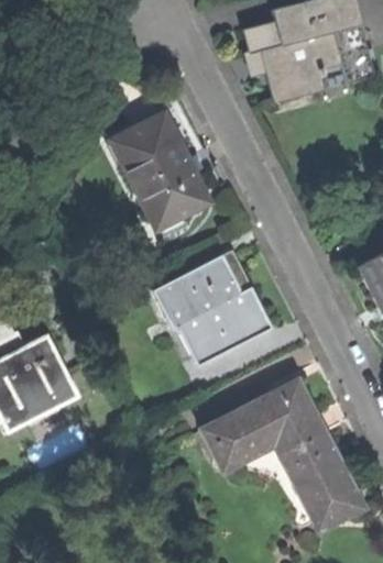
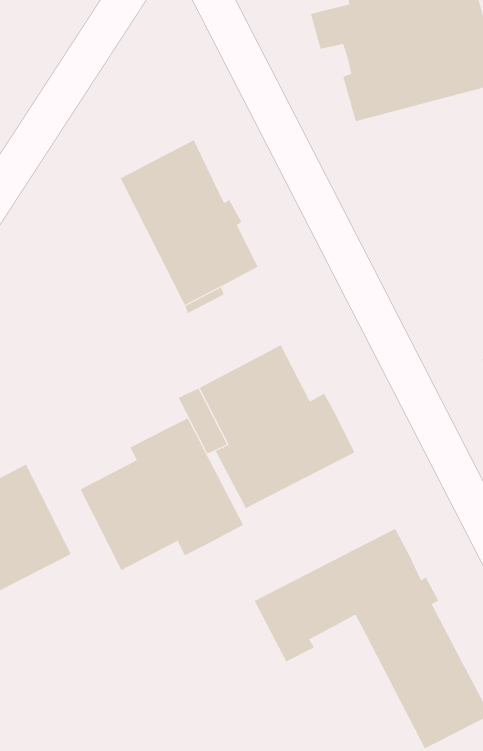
building: none -> [80,418,244,571]

